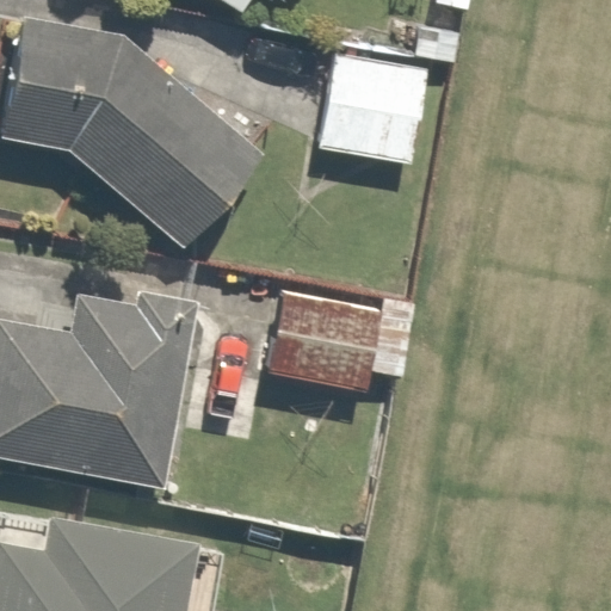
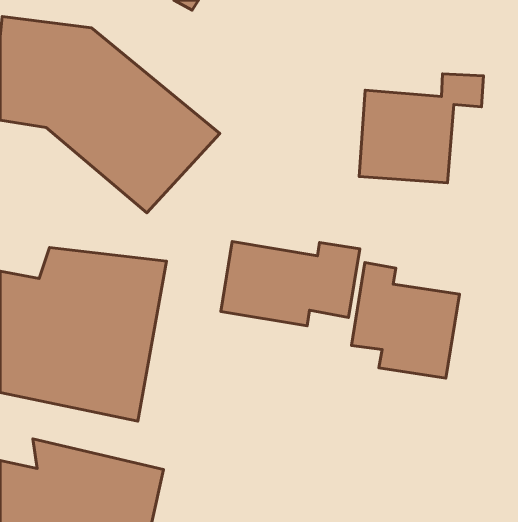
building: [317,25,462,152] -> [359,74,484,183]
building: none -> [352,263,460,378]

